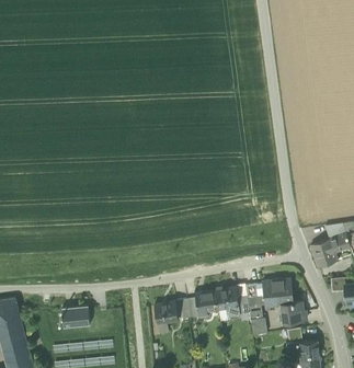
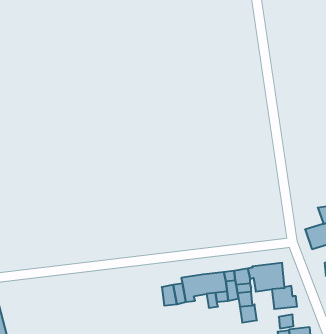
building: [153,301,178,332] -> none
building: [61,304,89,326] -> none

